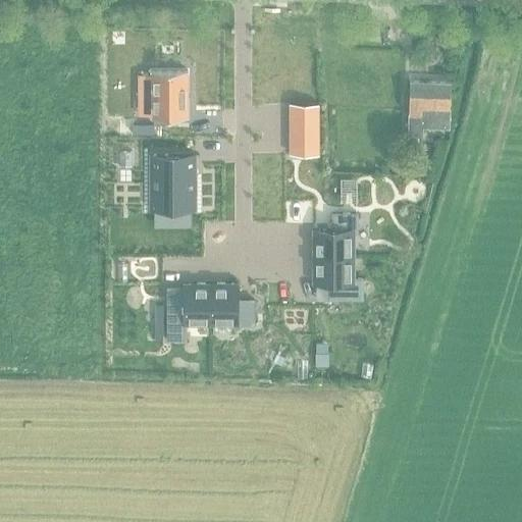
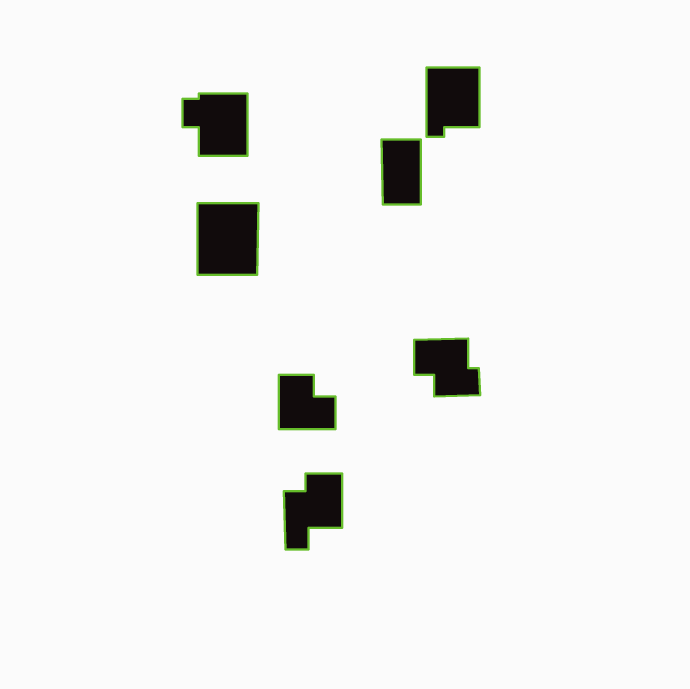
building: [410,83,450,135] -> [427,68,479,137]
building: [312,214,356,258] -> none
building: [166,284,210,342] -> [284,474,342,549]

